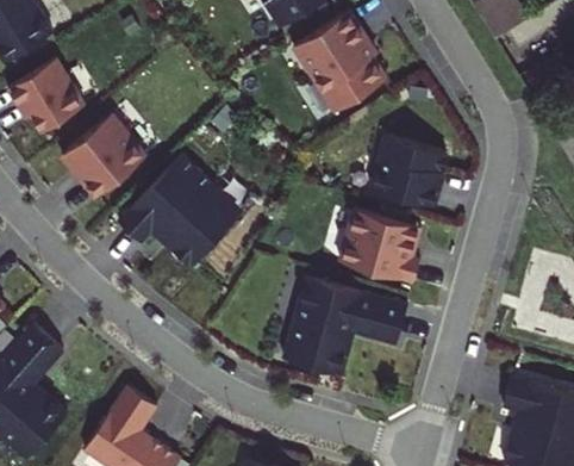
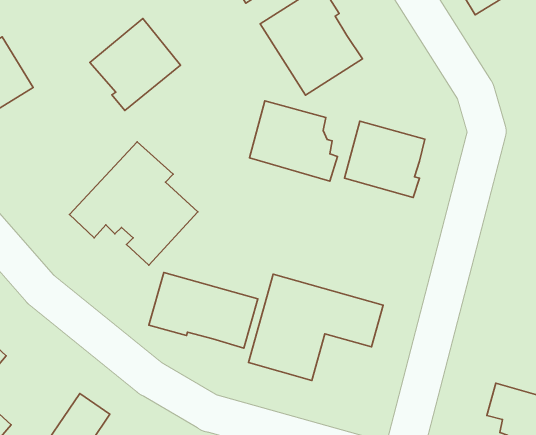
building: [63,113,146,198] -> [90,18,181,110]
building: [338,209,419,282] -> [249,101,337,181]
building: none -> [149,272,258,348]

